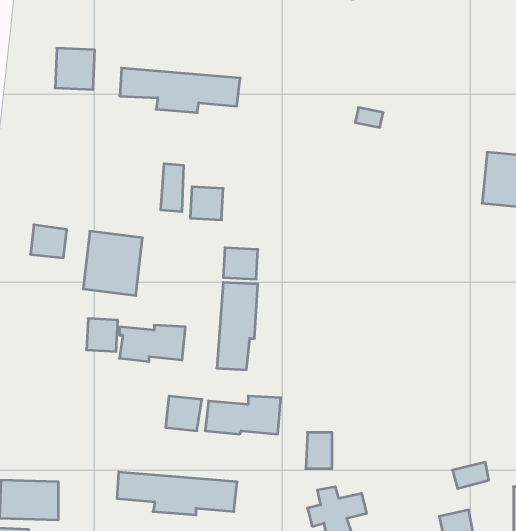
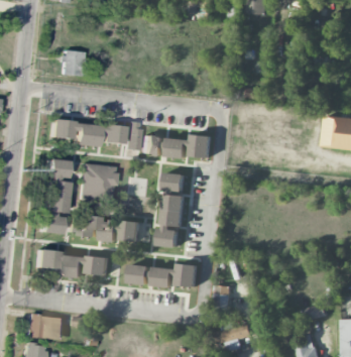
building: [120,68,240,113] -> [49,120,123,147]
building: none -> [166,134,212,158]
building: none -> [39,181,67,234]
building: [117,472,237,515] -> [35,251,109,277]

